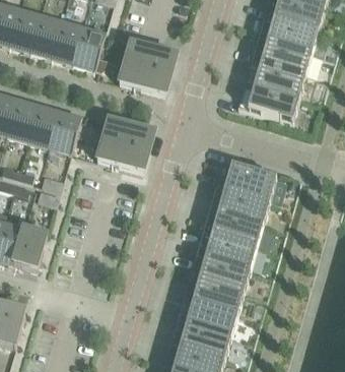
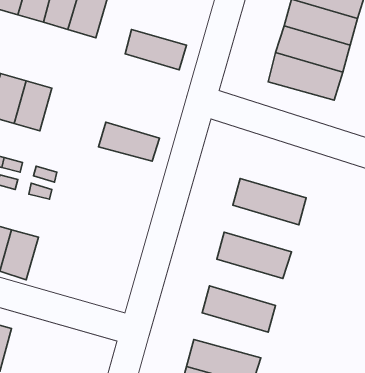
building: [125,42,176,74] -> none
building: [49,110,81,151] -> none
building: [104,118,154,151] -> none
building: [215,162,277,201] -> none
building: [202,207,264,246] -> none
building: [190,252,251,291] -> none
building: [177,297,238,334] -> none

